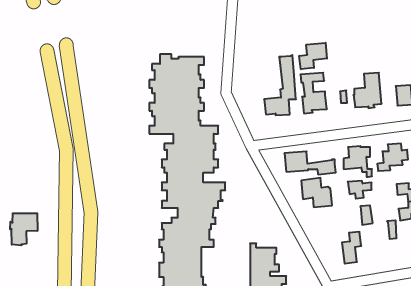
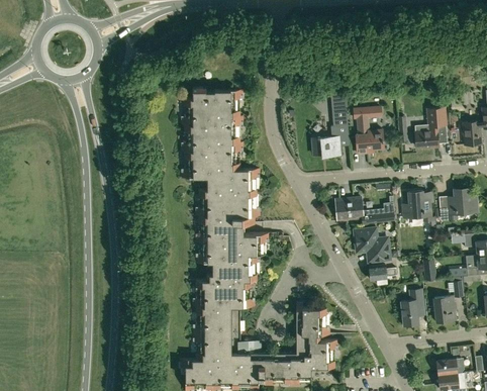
building: [299,43,327,69] -> none
building: [348,181,372,199] -> [369,265,396,285]
building: [10,213,37,245] -> none
building: none -> [434,296,455,321]

